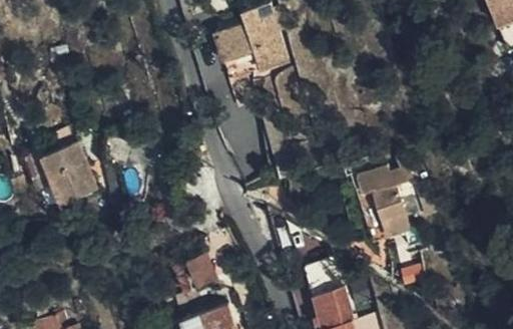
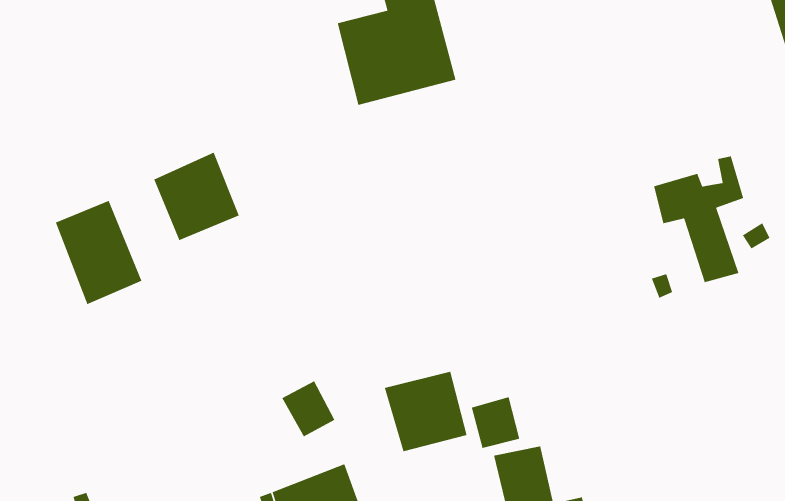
building: none -> [153,151,240,241]
building: [354,155,411,236] -> [653,155,744,283]
building: none -> [384,371,468,452]

